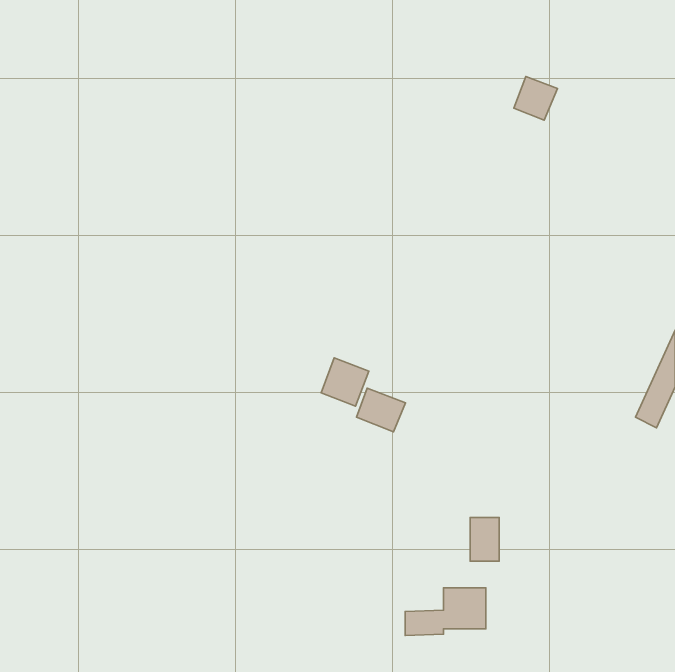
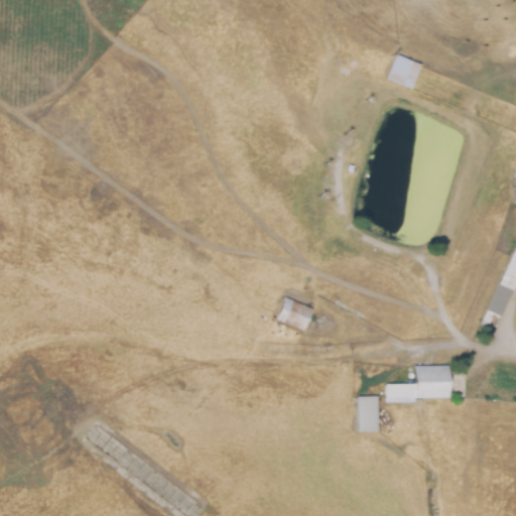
building: [321,358,369,406] -> none
building: [405,588,486,635] -> [387,365,448,401]

